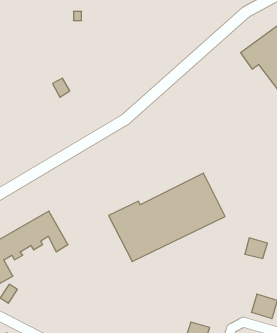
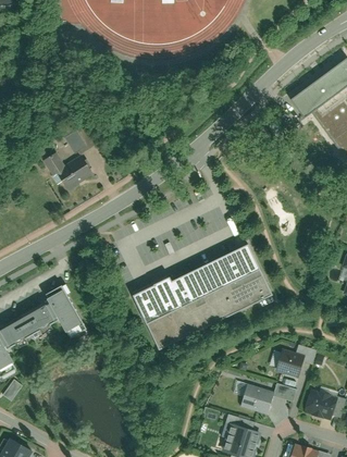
building: none -> [42,152,94,190]
building: [245,238,267,259] -> [278,350,306,375]
building: none -> [246,385,275,415]

